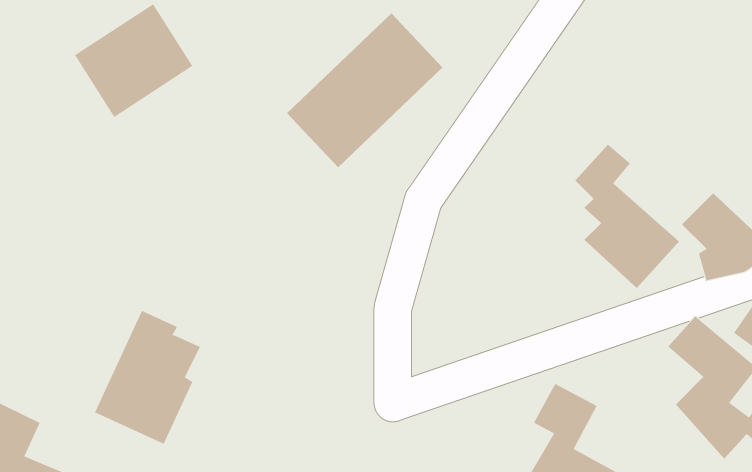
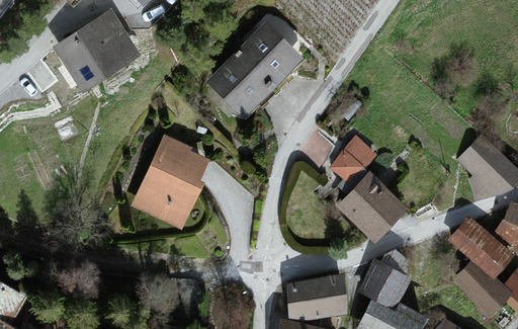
building: [574,144,680,289] -> [333,143,403,239]
building: [94,310,201,444] -> [134,137,204,226]
building: none -> [287,277,346,319]

